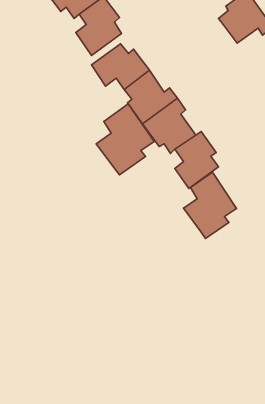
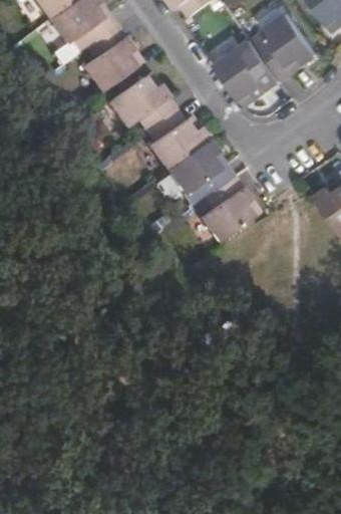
building: none -> [214,49,280,102]
building: [96,104,154,175] -> none
building: [184,172,237,238] -> none

